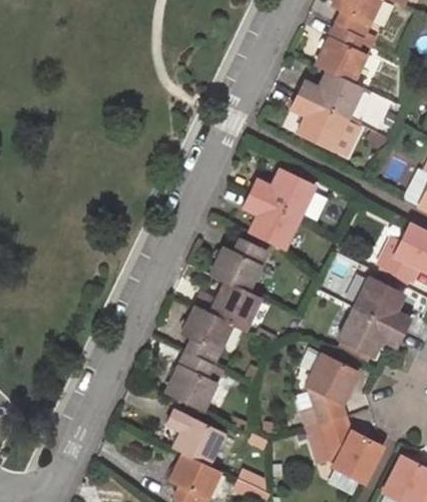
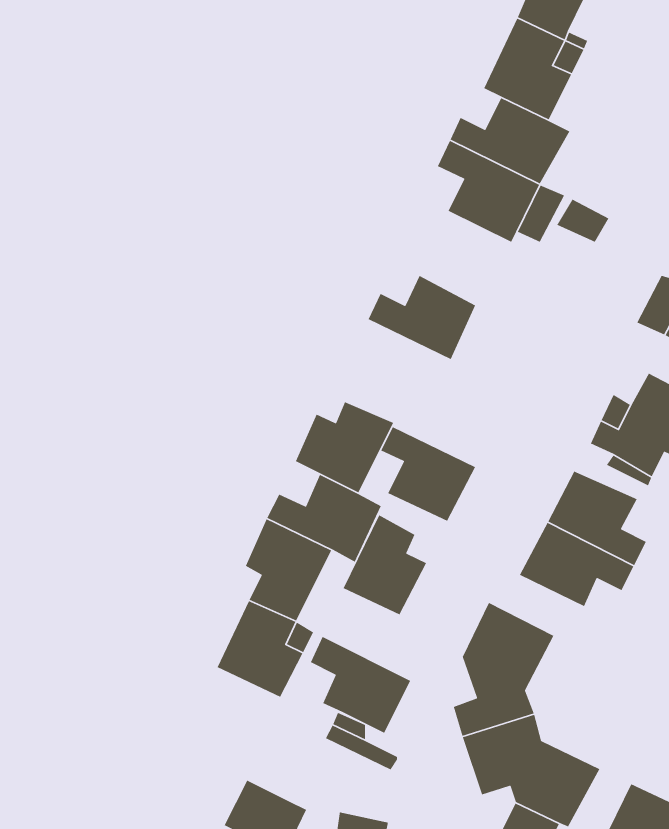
building: [246,193,300,247] -> [380,426,476,522]
building: none -> [343,514,427,615]
building: [166,410,224,465] -> [310,636,411,734]

